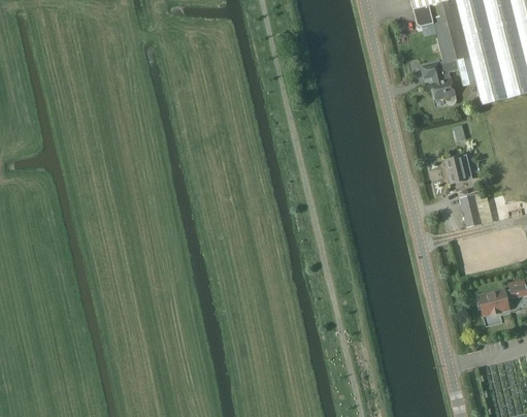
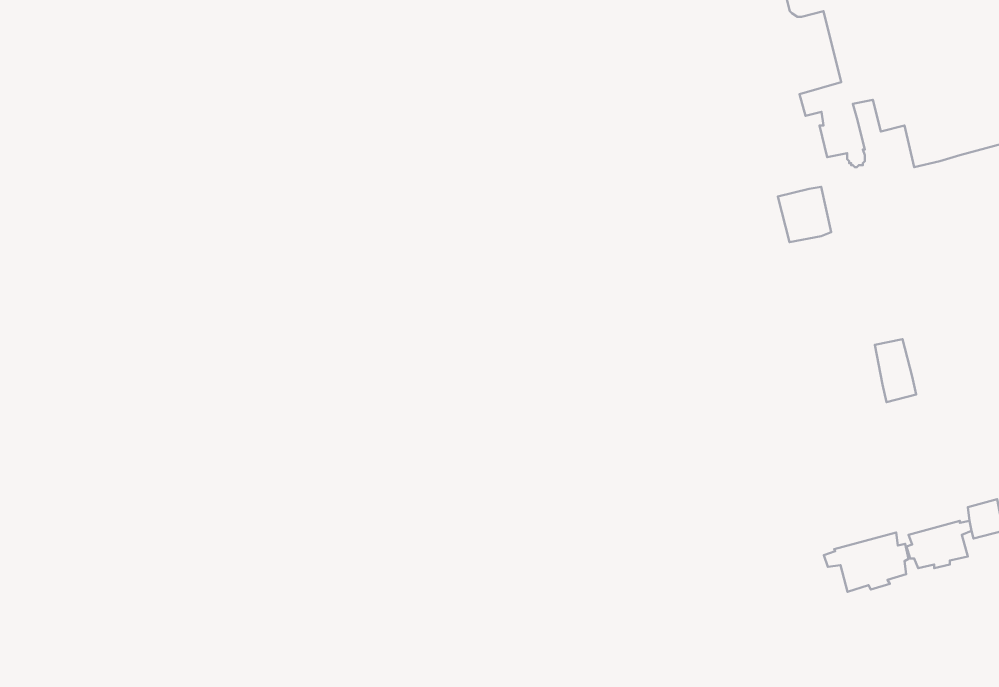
building: [444,154,472,183] -> [778,187,831,242]
building: none -> [824,532,908,592]

